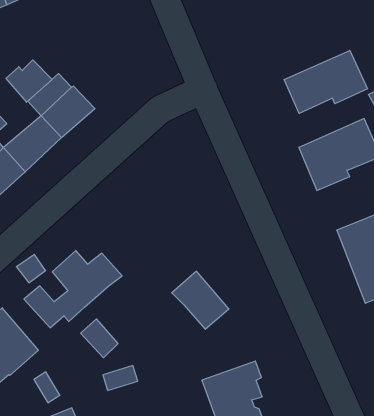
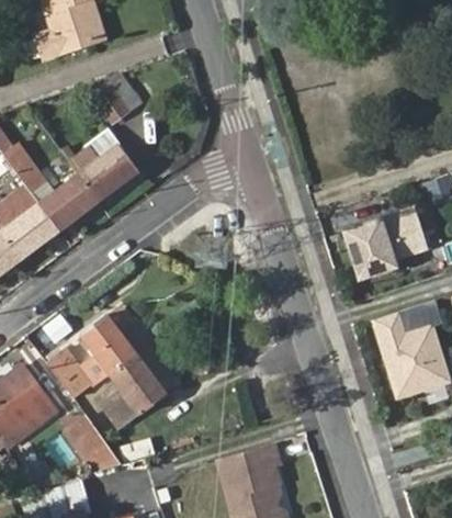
building: [284,50,367,114] -> none
building: [6,60,52,102] -> [93,78,140,121]
building: [172,271,229,329] -> [108,353,165,414]
building: none -> [68,415,123,471]

